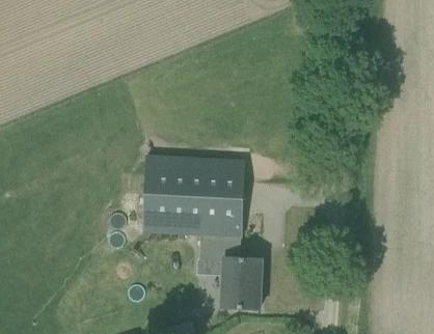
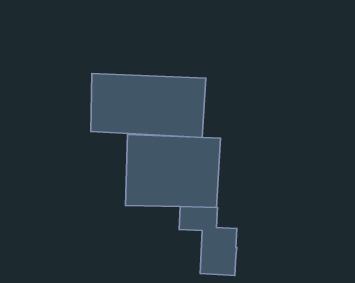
building: none -> [91,74,206,138]

